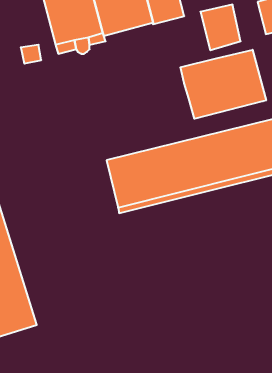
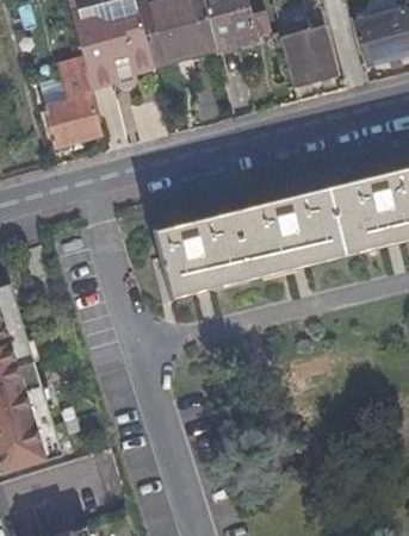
building: [180,50,266,119] -> none
building: none -> [43,95,100,147]

